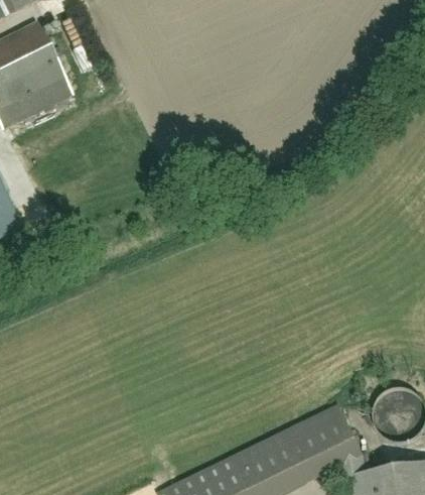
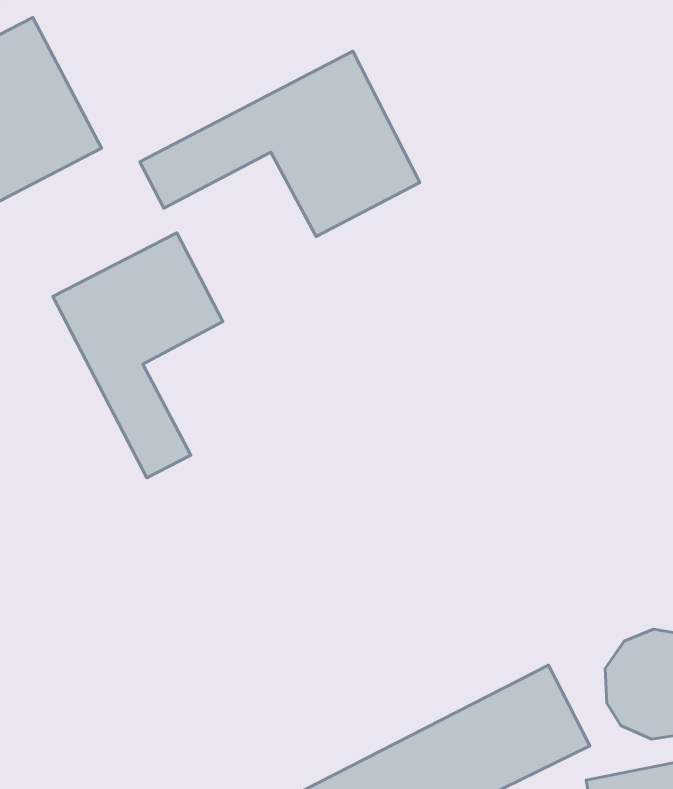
building: none -> [140,51,420,237]
building: none -> [53,233,223,478]

